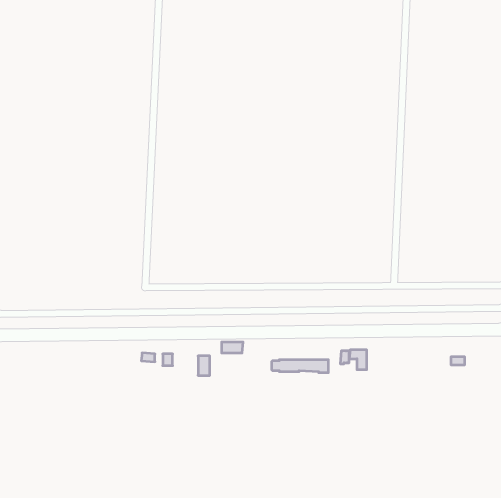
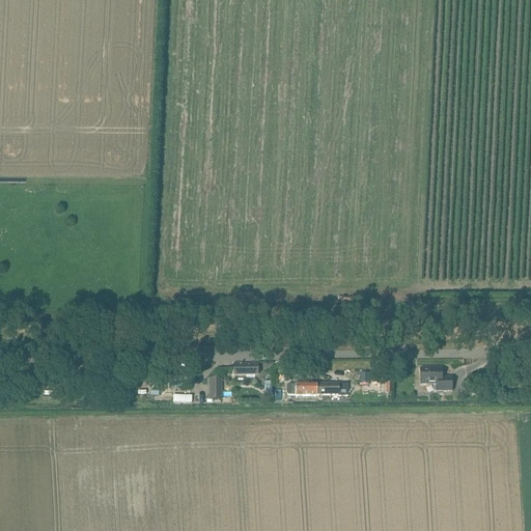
building: none -> [420,366,451,389]

